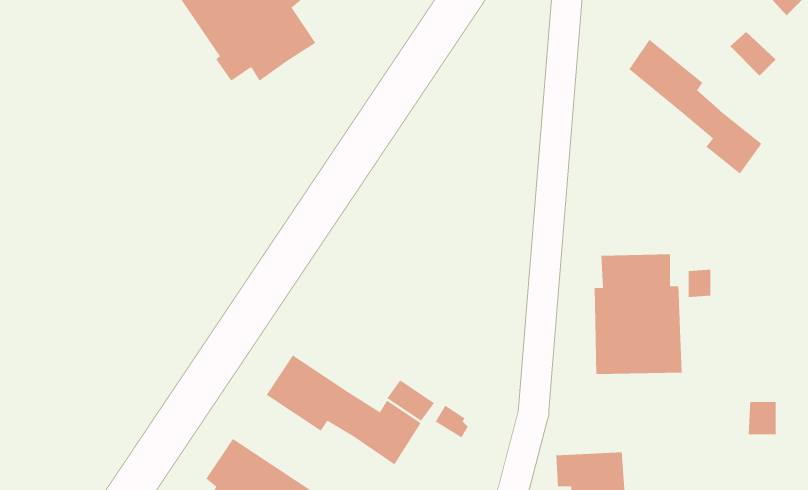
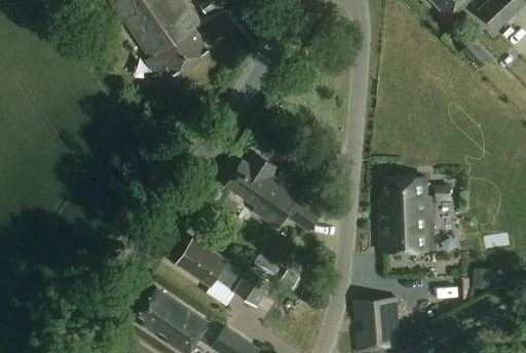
building: [628,39,762,175] -> none
building: none -> [226,153,323,232]

